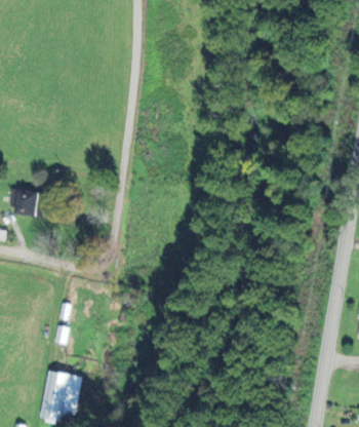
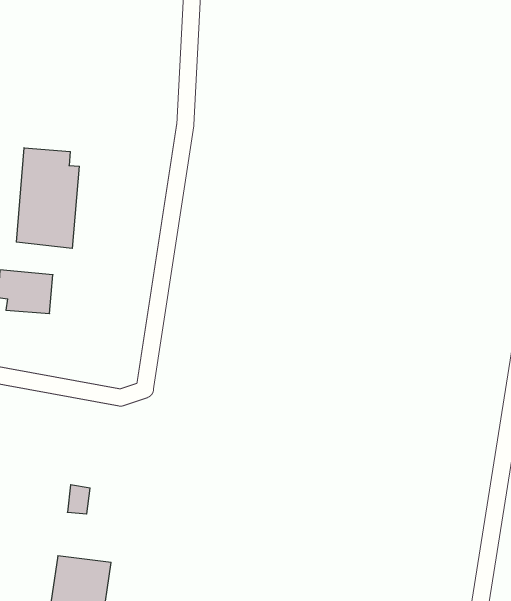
building: none -> [16,148,79,248]

